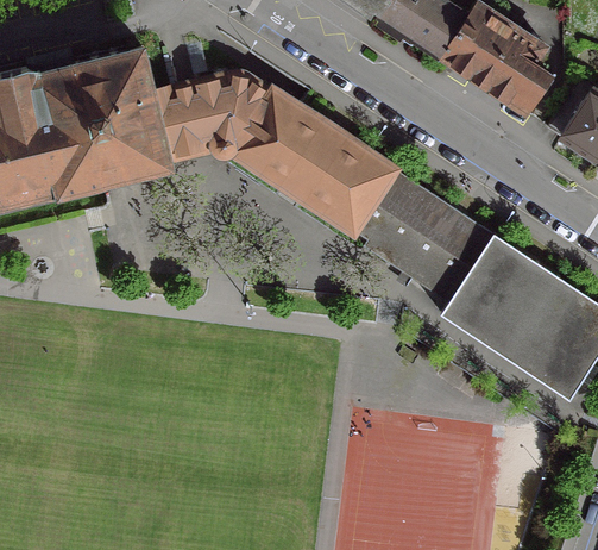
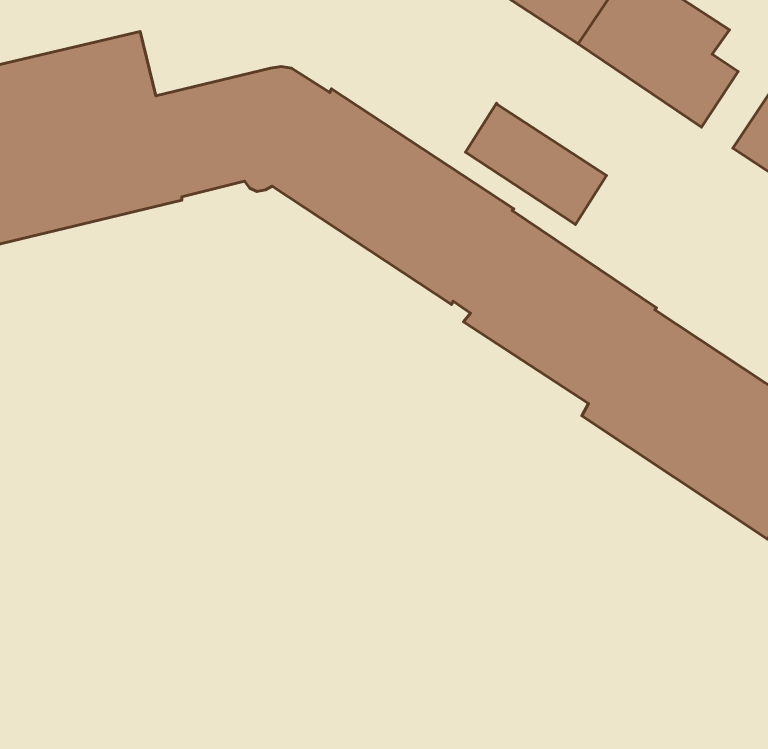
building: none -> [465,103,607,224]

